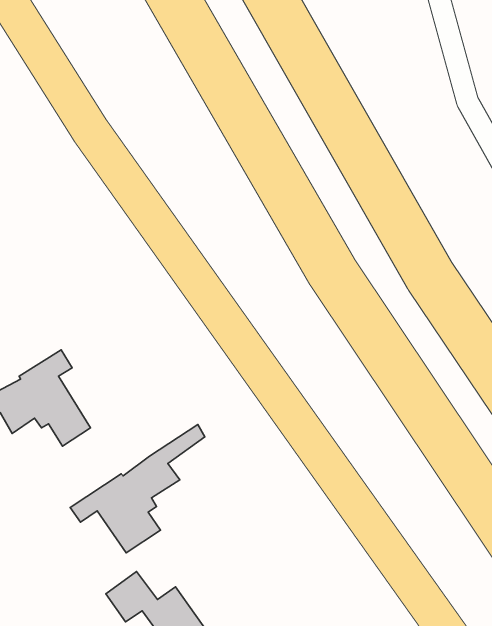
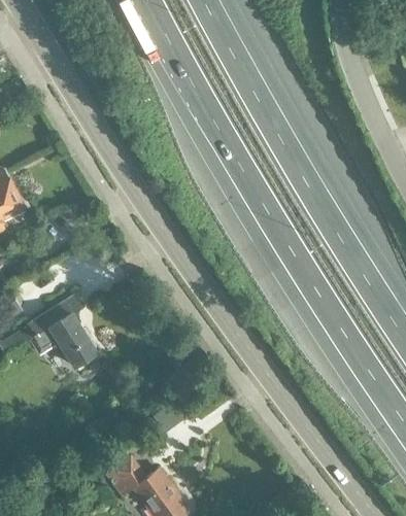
building: [70,425,205,553] -> none

